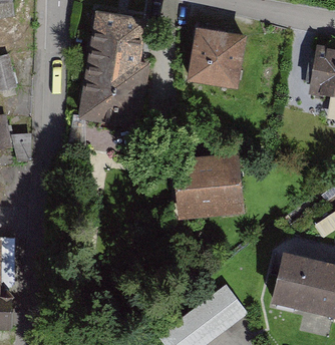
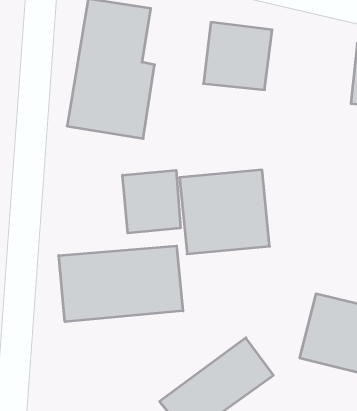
building: none -> [123,170,180,233]
building: none -> [59,246,183,322]

